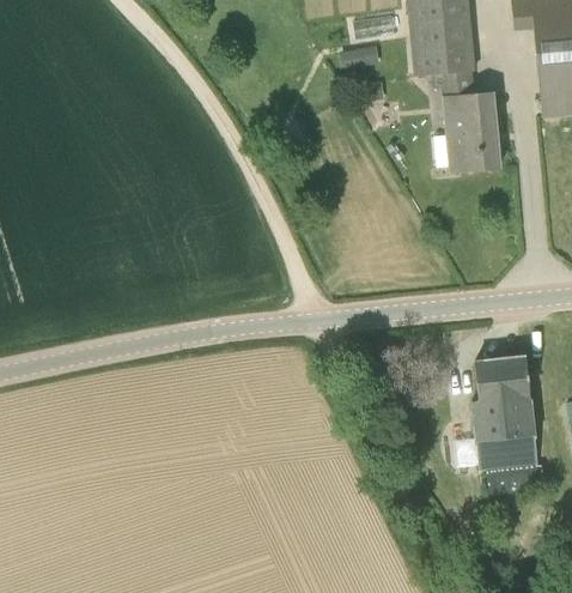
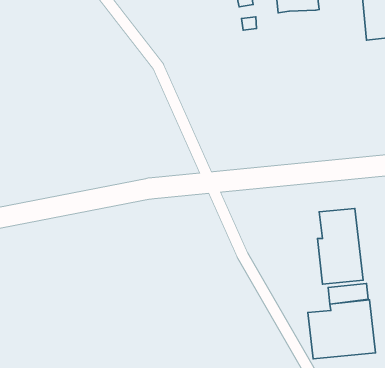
building: [432,71,500,170] -> none
building: none -> [308,300,375,359]

